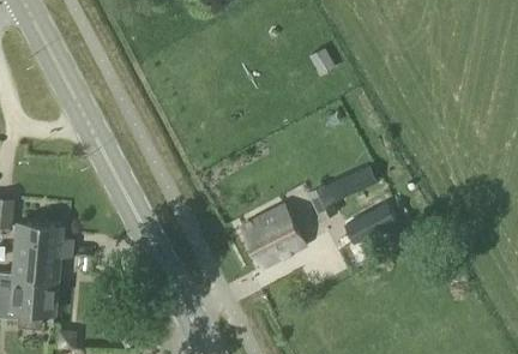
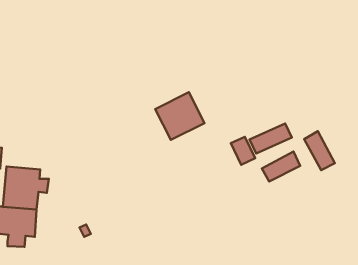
building: none -> [304,131,335,170]
building: [242,206,306,268] -> [155,92,205,140]

